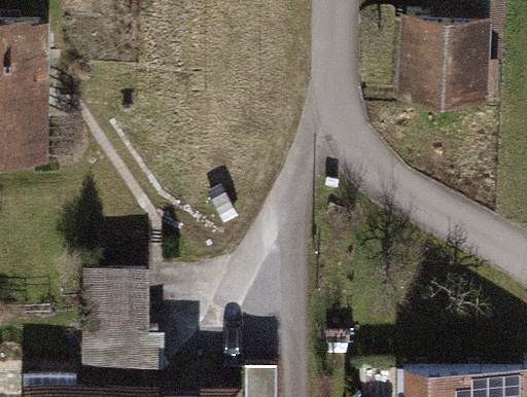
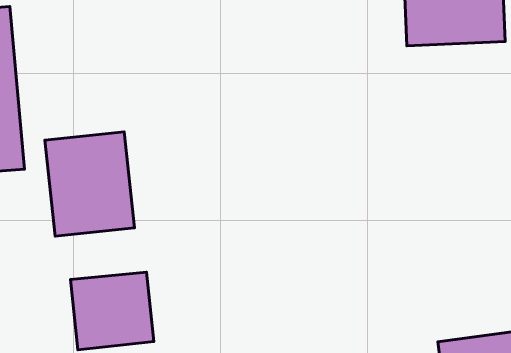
building: none -> [45,132,135,236]

